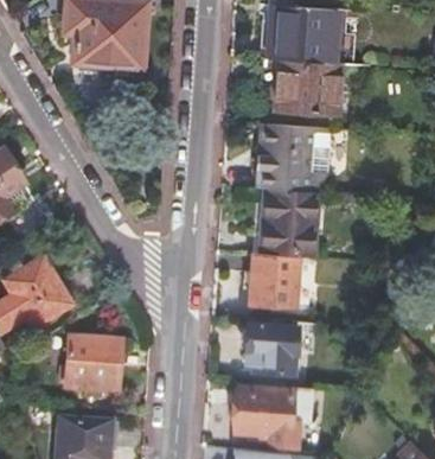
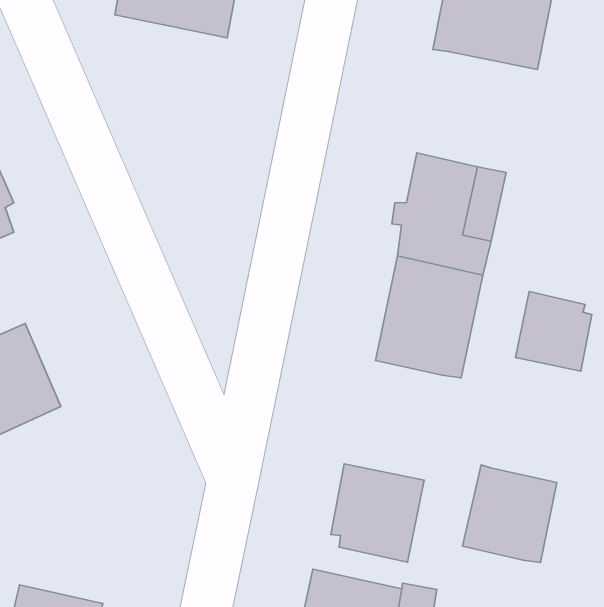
building: [273,59,344,113] -> none
building: none -> [515,292,592,371]
building: [248,251,300,306] -> [462,465,557,563]
building: [66,336,123,400] -> none

